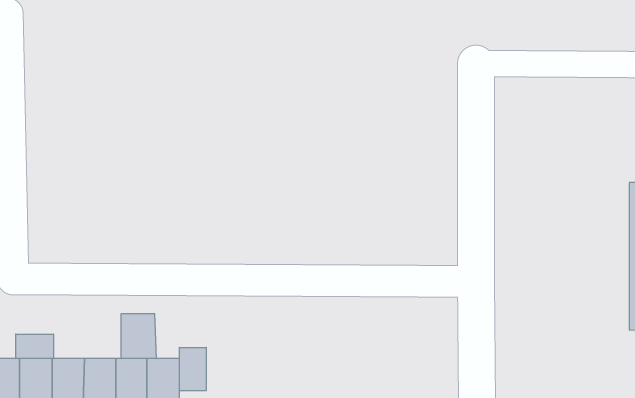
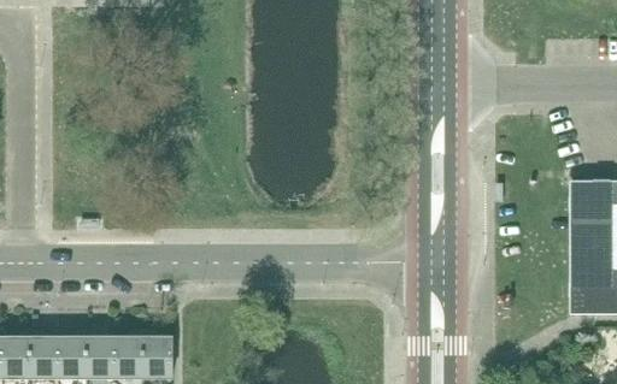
building: [121,314,156,359] -> none
building: [16,334,53,359] -> none
building: [179,347,206,391] -> none

